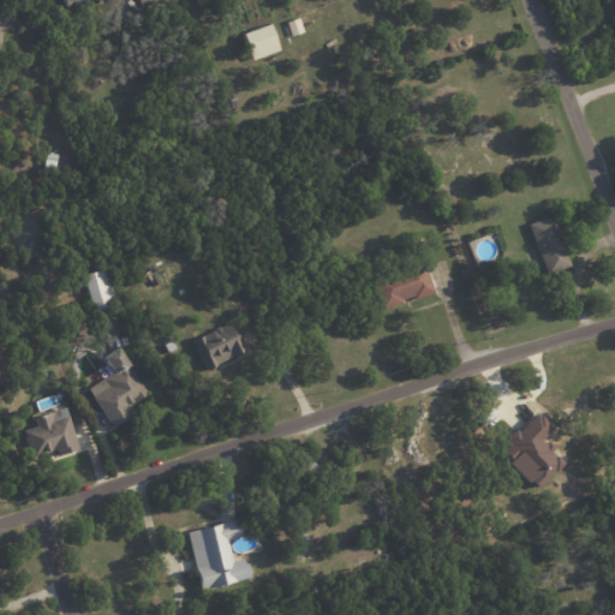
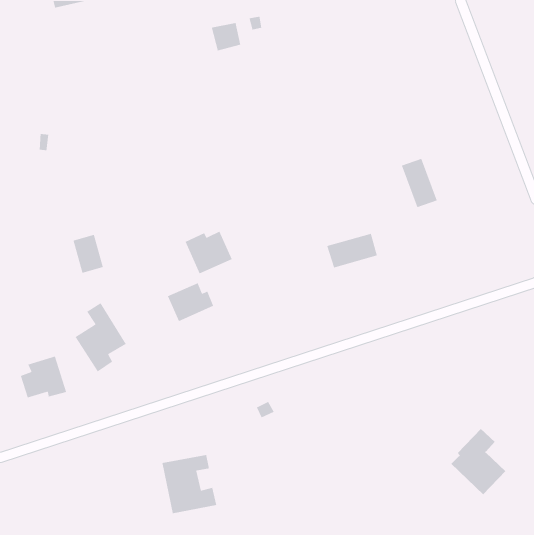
building: [529,216,571,274] -> [401,158,438,208]
building: none -> [185,231,233,274]
building: [501,413,565,490] -> [450,428,506,495]

